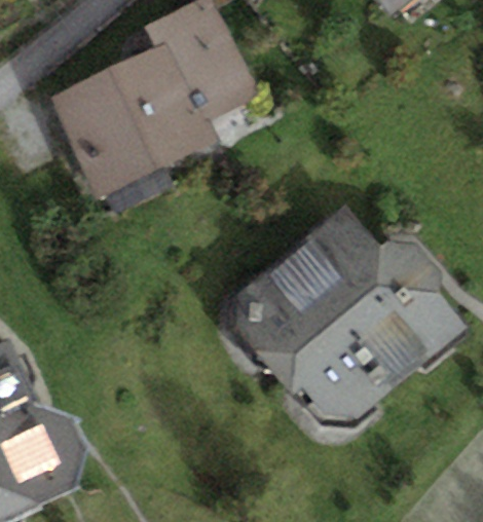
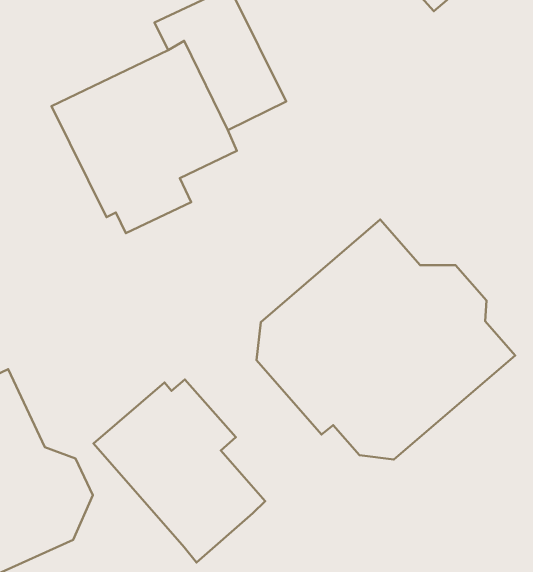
building: none -> [94,380,265,562]

